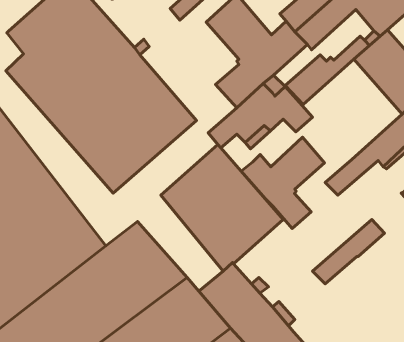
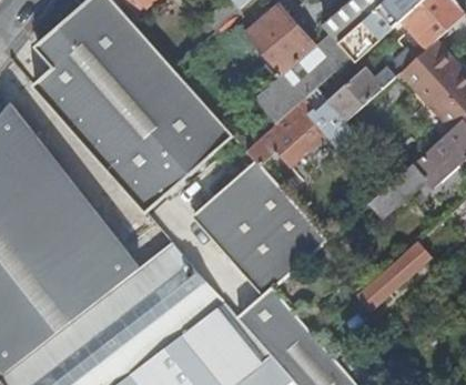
building: [241,137,324,228] -> none

